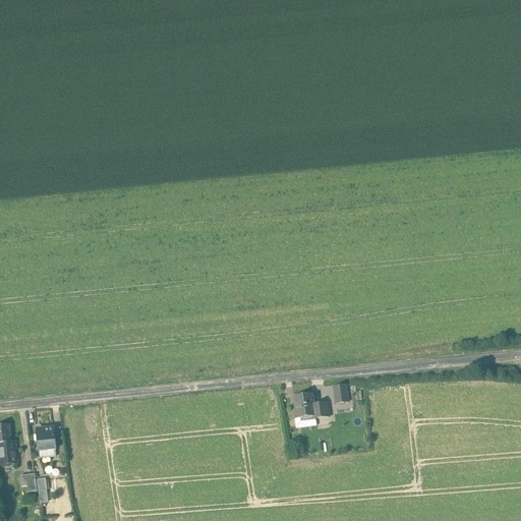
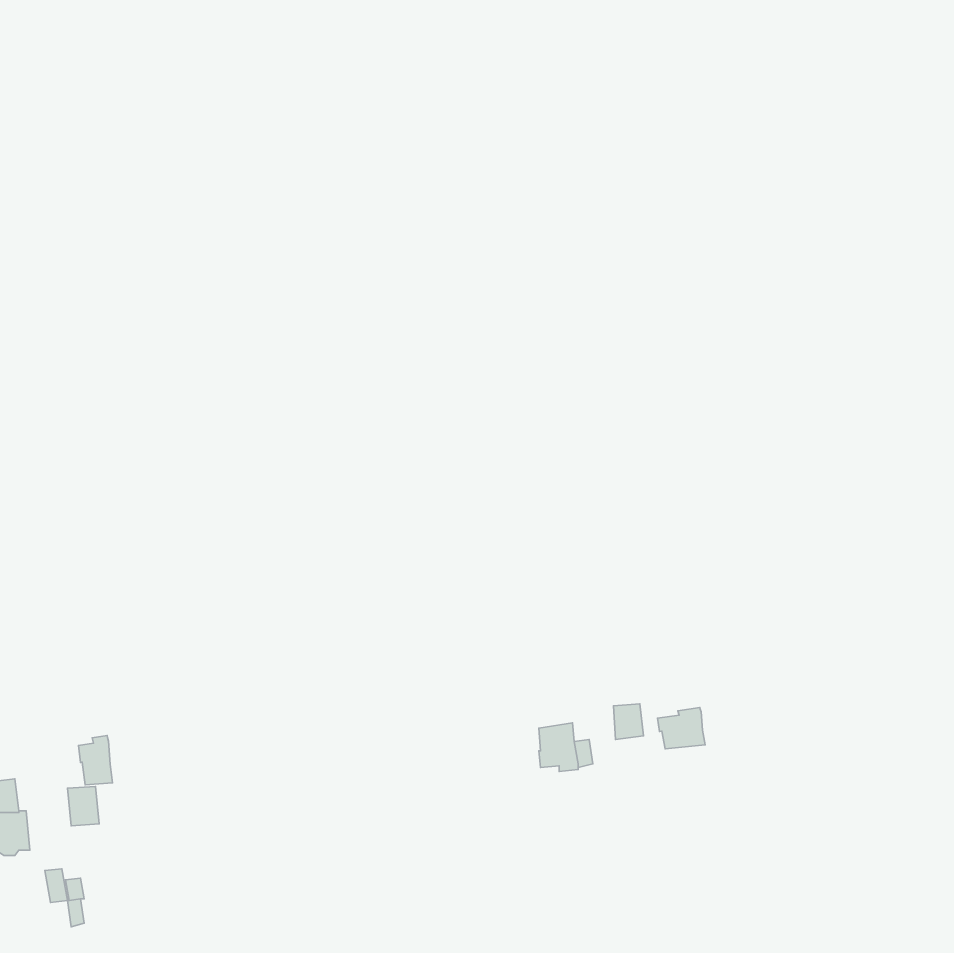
building: none -> [657,708,705,749]
building: none -> [79,736,113,785]

